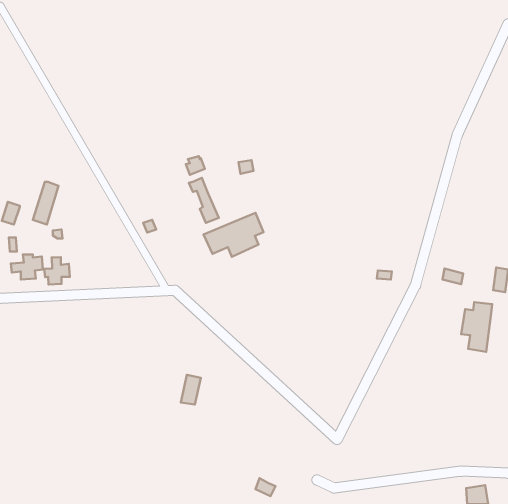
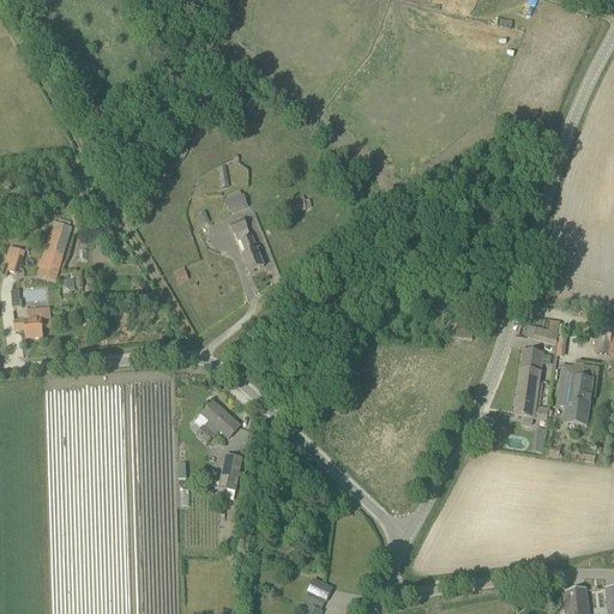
building: [204,213,263,257] -> none
building: [44,257,70,285] -> none
building: none -> [514,348,548,425]
building: none -> [197,401,239,440]

